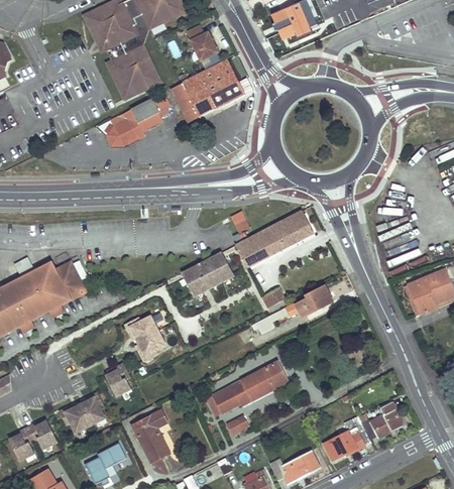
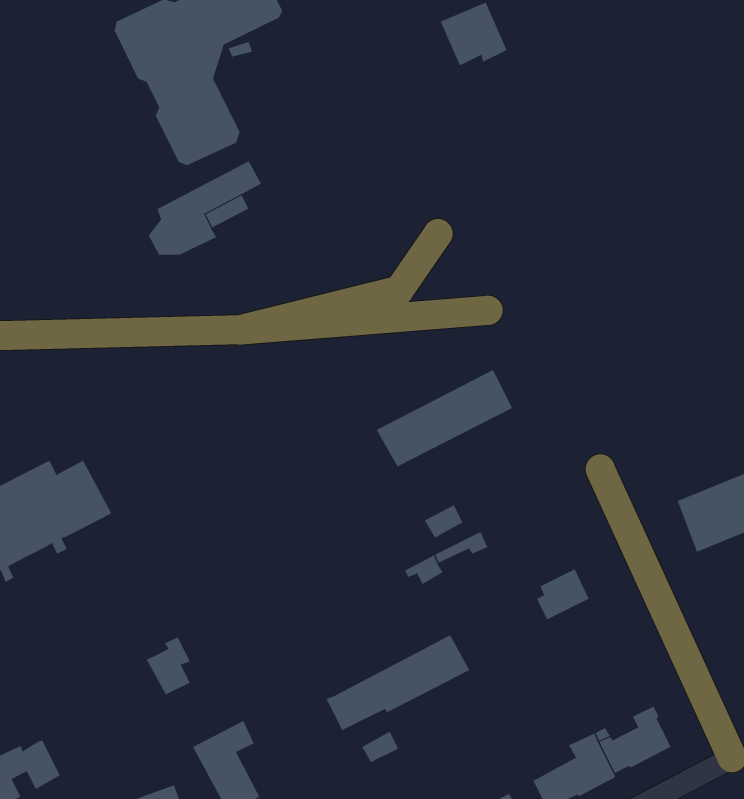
building: [187,25,217,59] -> none
building: [172,59,244,121] -> none
building: [182,253,232,295] -> none
building: [302,284,332,314] -> [536,568,590,620]
building: [124,316,164,361] -> none
building: [60,391,104,432] -> none

